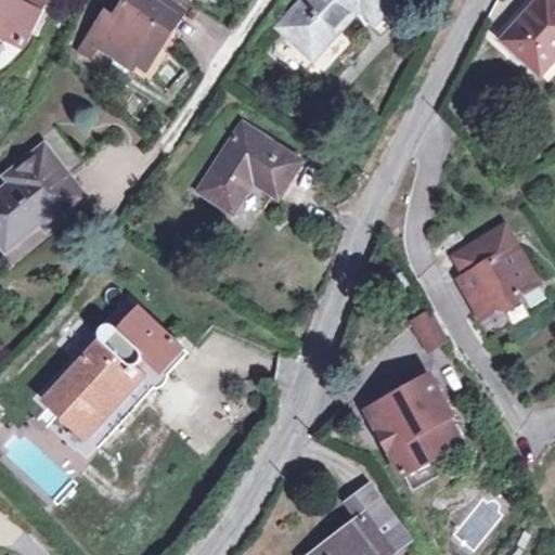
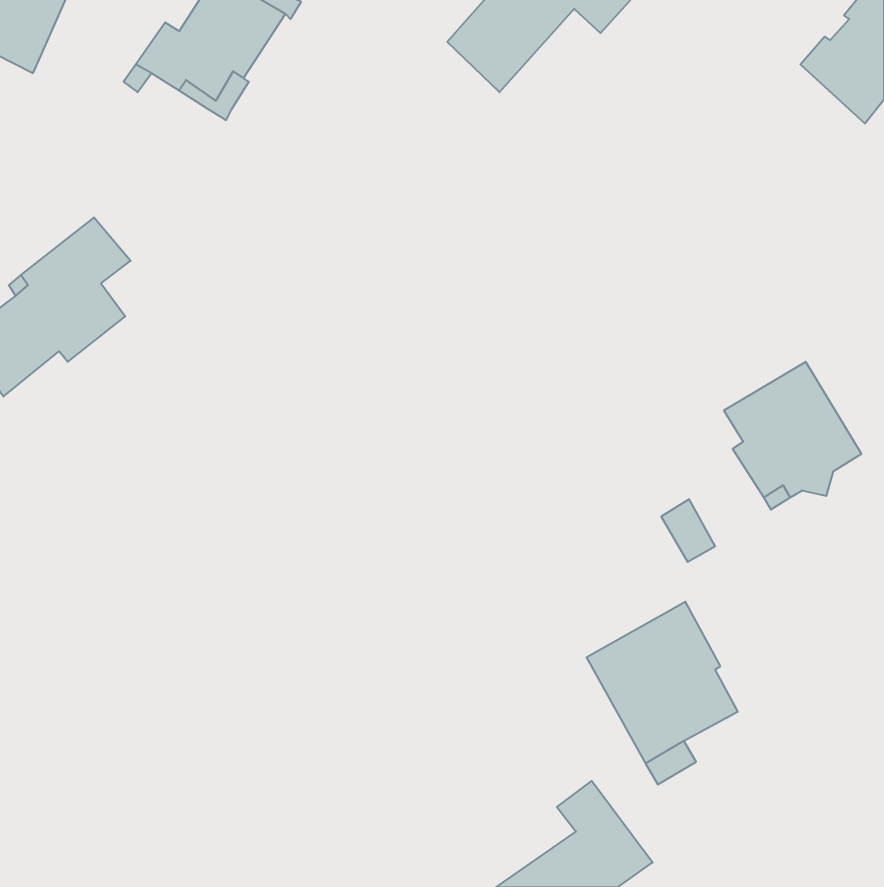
building: [196,124,297,212] -> none
building: [44,308,181,436] -> none

